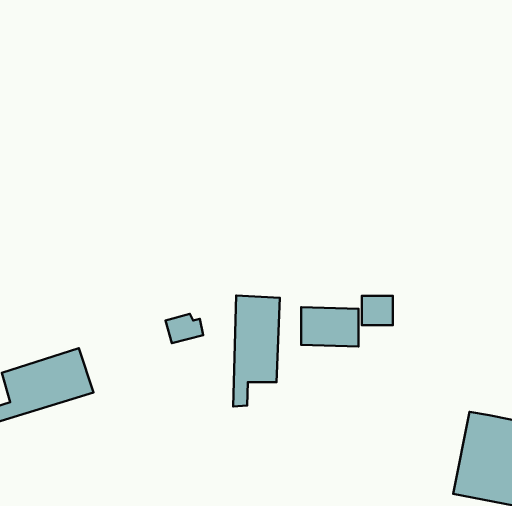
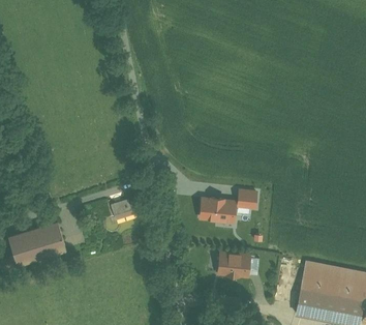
building: [233,295,280,406] -> none
building: none -> [216,250,249,276]

